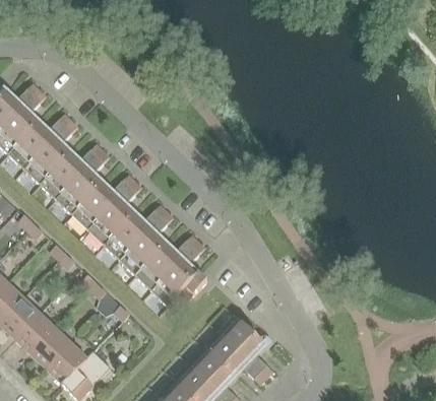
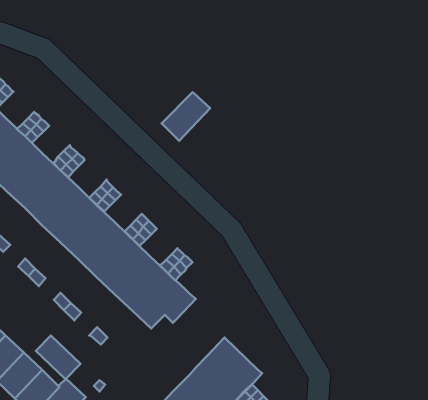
building: none -> [162,92,210,141]
building: none -> [36,335,81,379]

